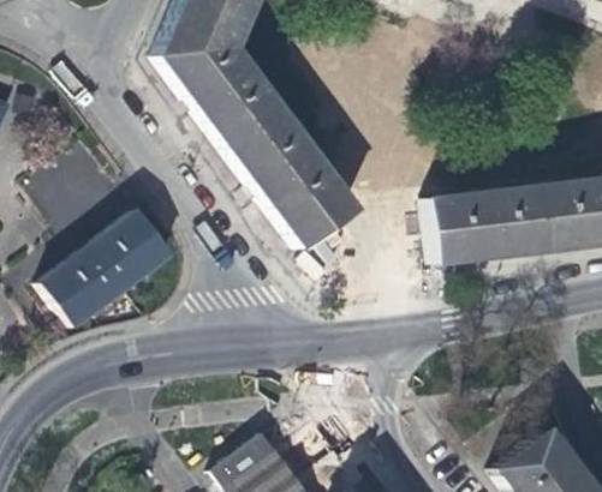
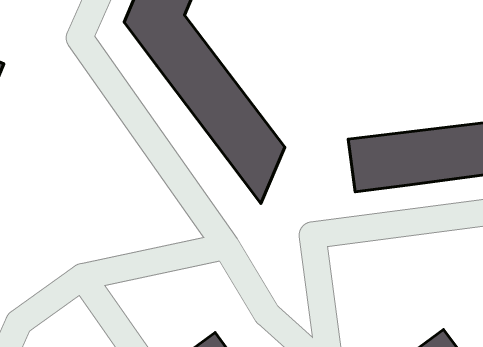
building: [41,211,169,326] -> none

